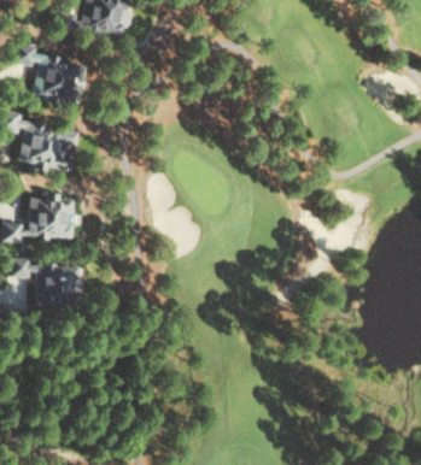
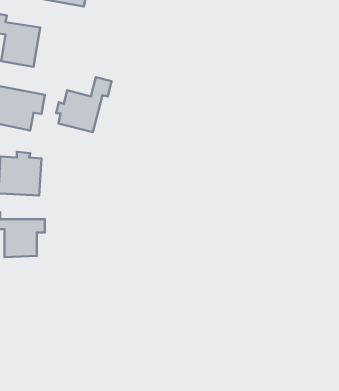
building: none -> [56,77,112,132]

